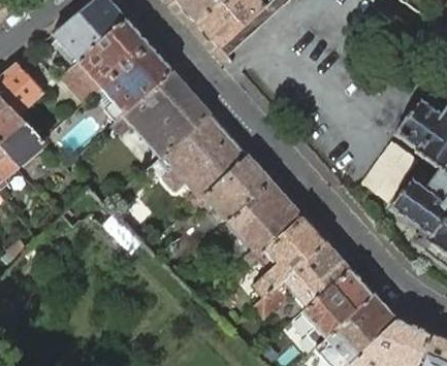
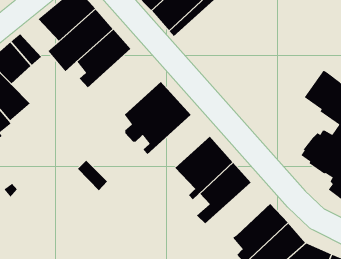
building: [107,70,210,165] -> none
building: [363,140,417,201] -> none
building: [191,155,273,223] -> none
building: [256,241,350,315] -> none

